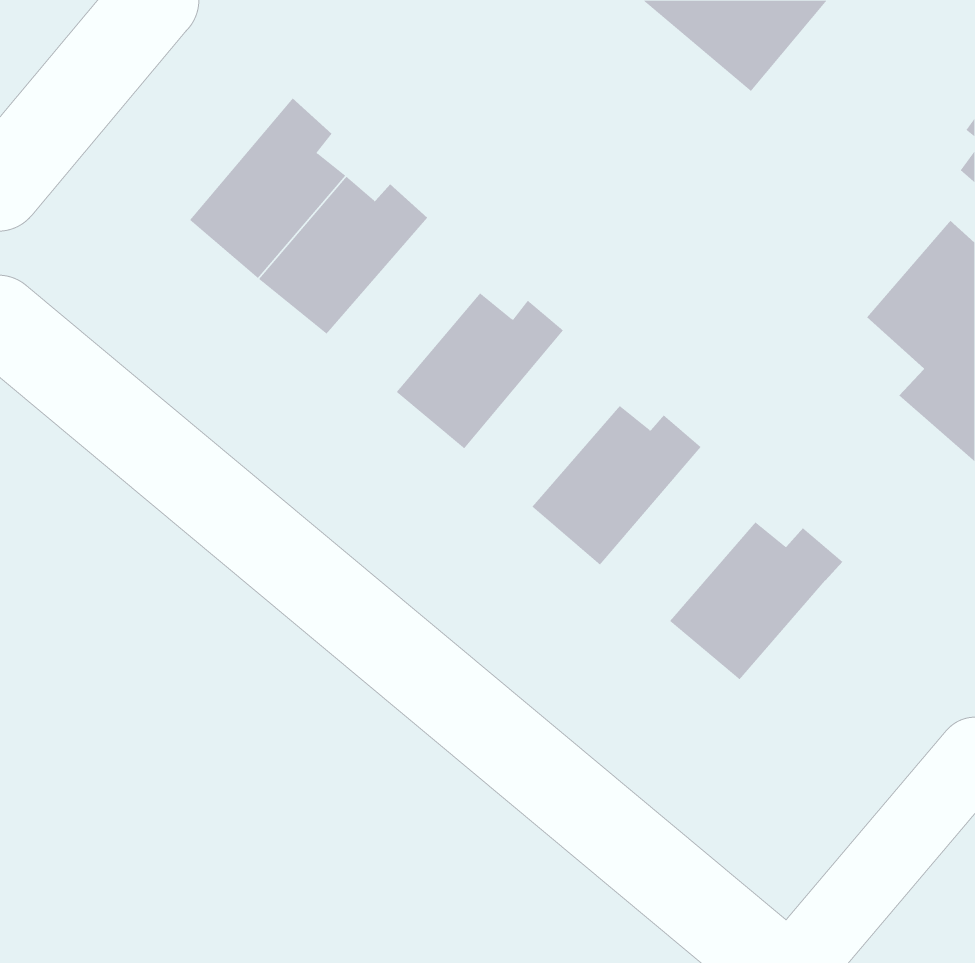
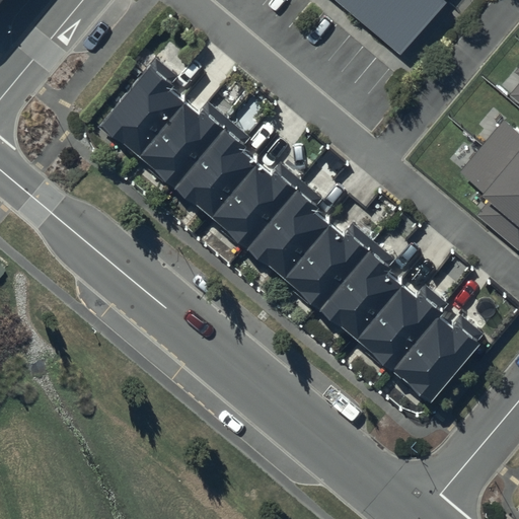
building: none -> [173,123,254,215]
building: none -> [246,182,328,276]
building: none -> [318,244,400,337]
building: none -> [392,315,484,400]

